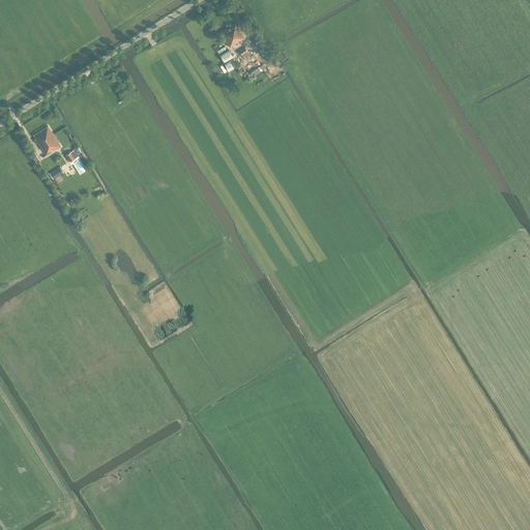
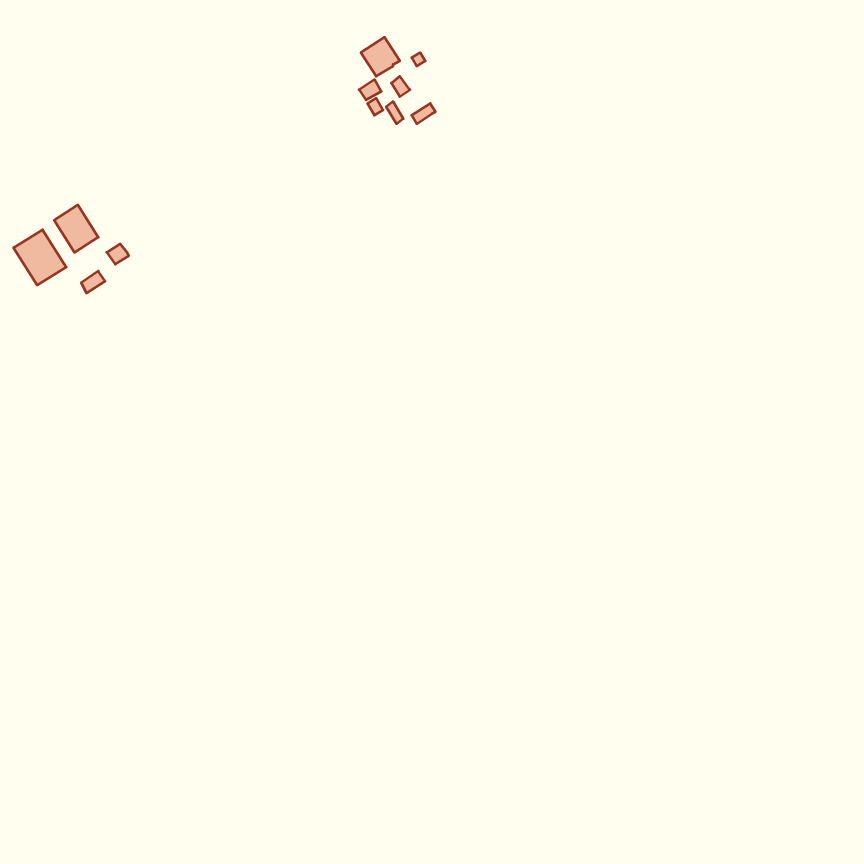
building: none -> [14,230,66,285]

